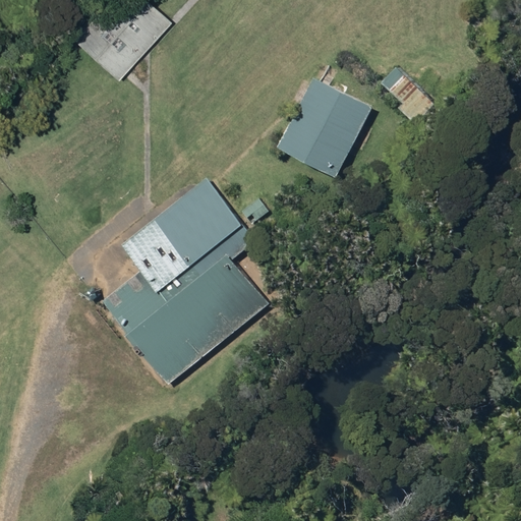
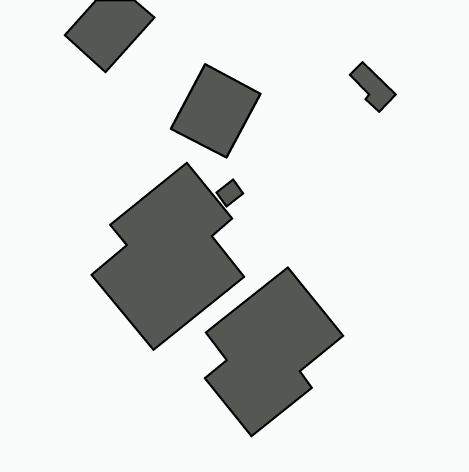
building: [275,76,373,179] -> [171,64,261,158]
building: none -> [205,267,343,436]

